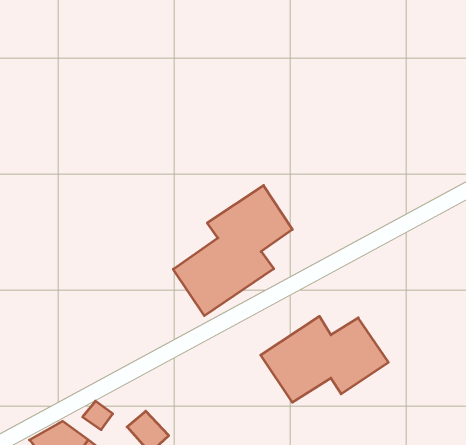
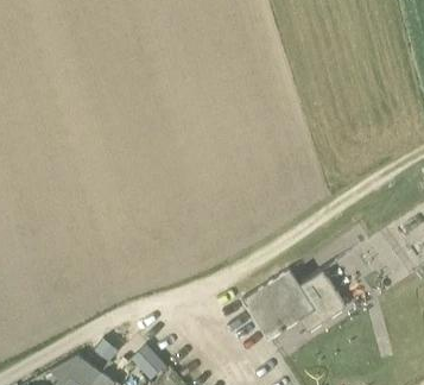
building: [173,185,292,316] -> none

